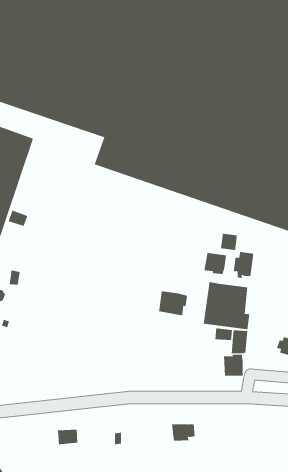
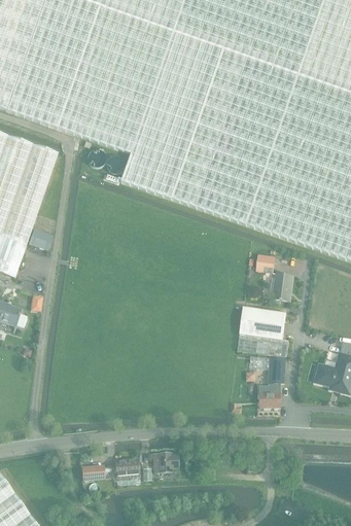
building: [204,252,226,275] -> none
building: [159,291,188,316] -> none
building: [171,424,195,441] -> [152,453,178,471]
building: none -> [115,458,139,477]

